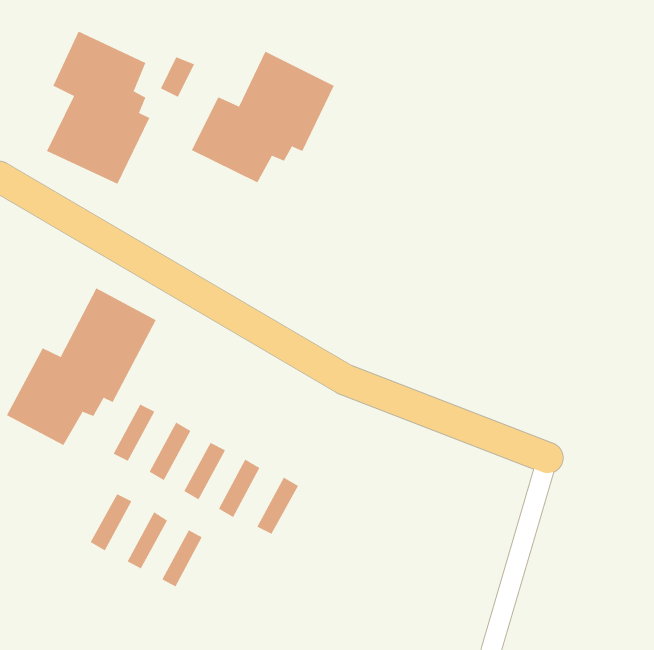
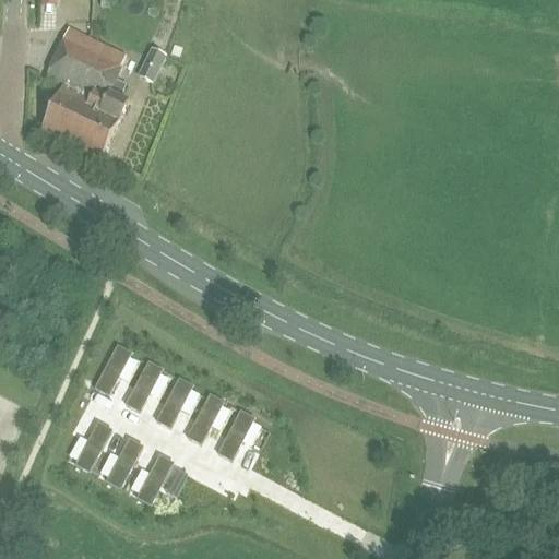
building: [191,51,335,183] -> none
building: [6,287,156,446] -> none

